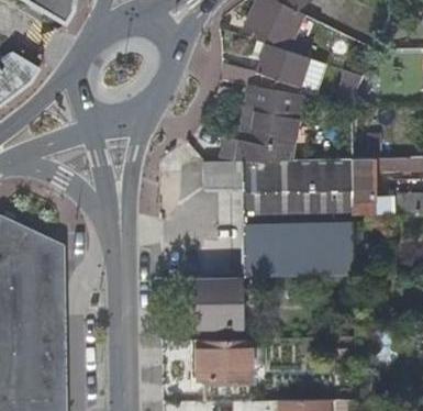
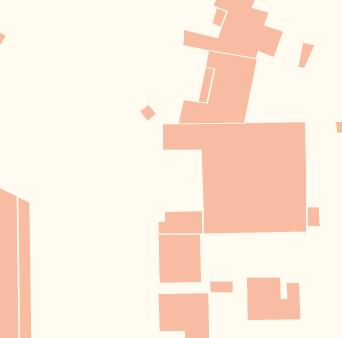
building: [352,160,375,214] -> none
building: none -> [247,277,301,321]

